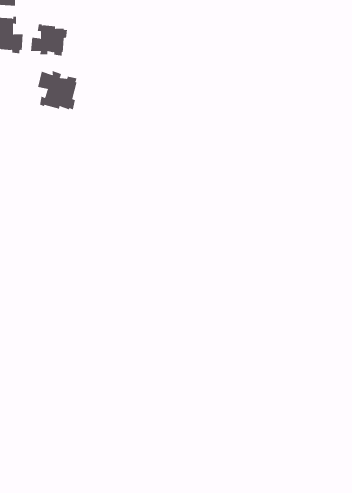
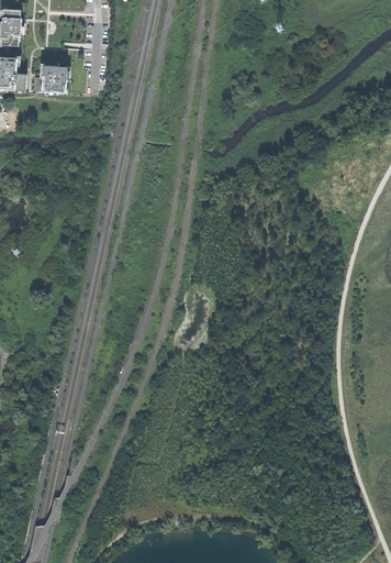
building: [37,70,77,110] -> none

